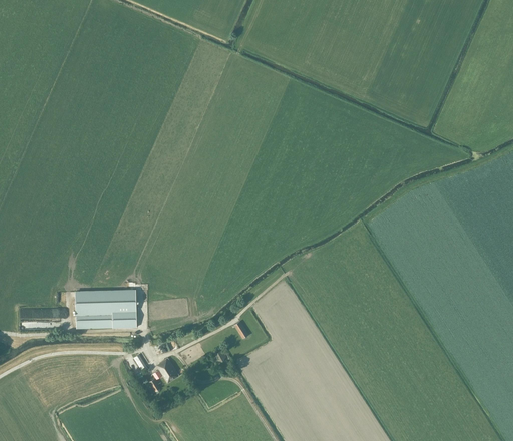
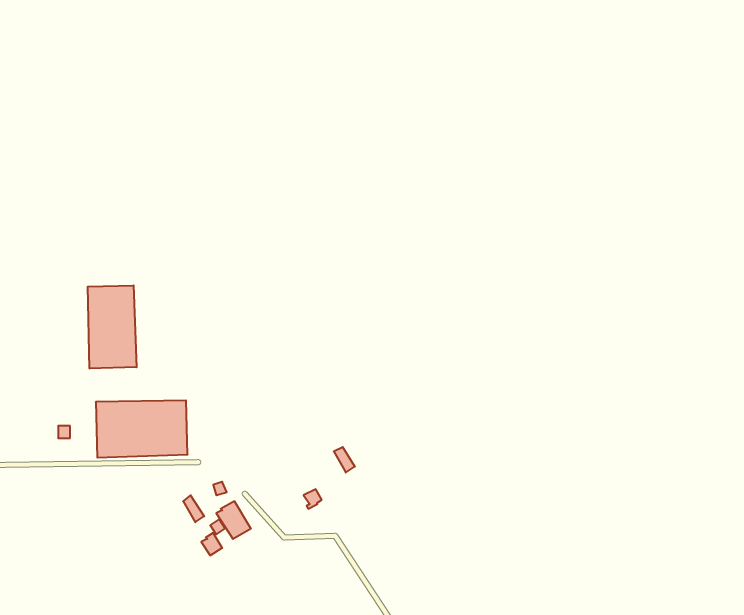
building: none -> [88,285,137,369]

